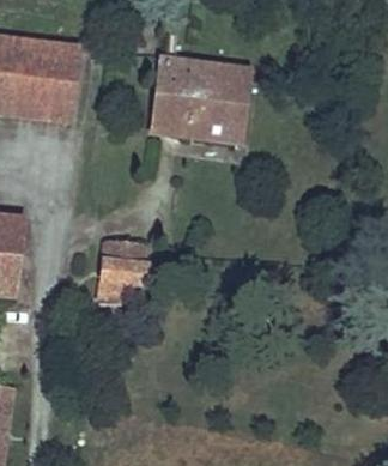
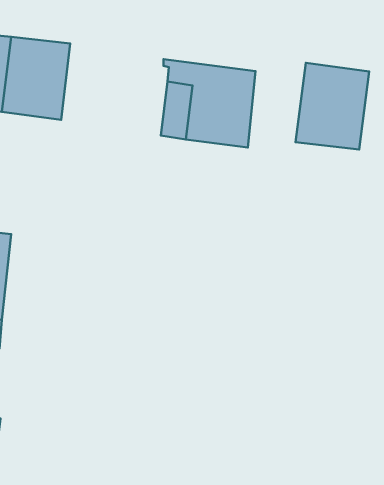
building: none -> [296,63,369,150]
building: [98,238,148,303] -> none

